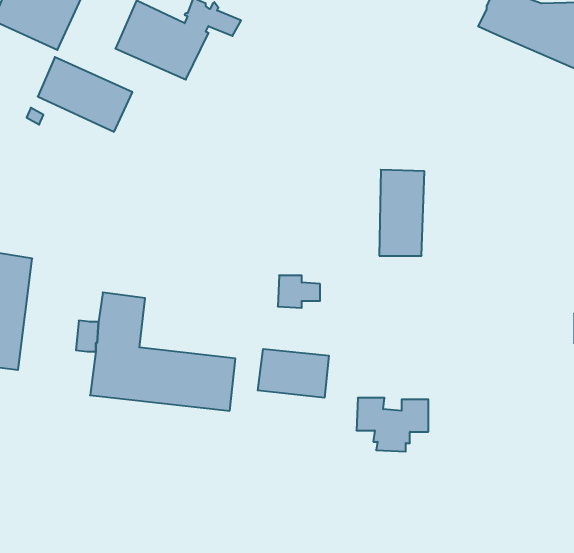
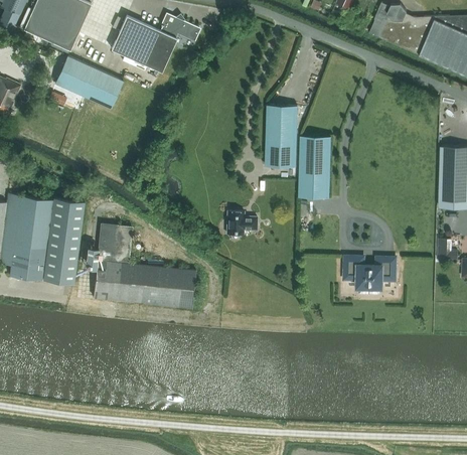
building: none -> [265,106,297,167]
building: none -> [43,197,85,283]
building: [258,349,329,398] -> none
building: [356,398,428,452] -> [344,257,396,295]

